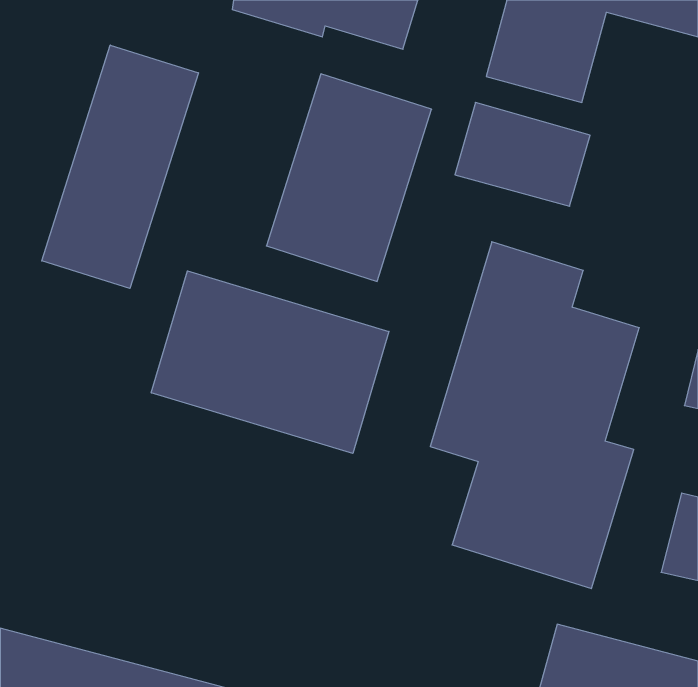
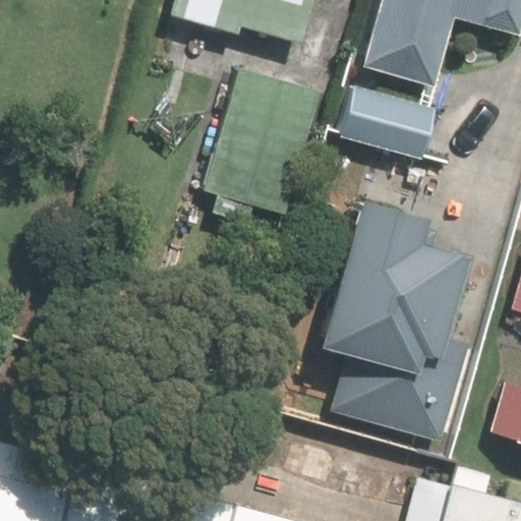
building: [42,45,198,288] -> none
building: [151,271,389,453] -> none

